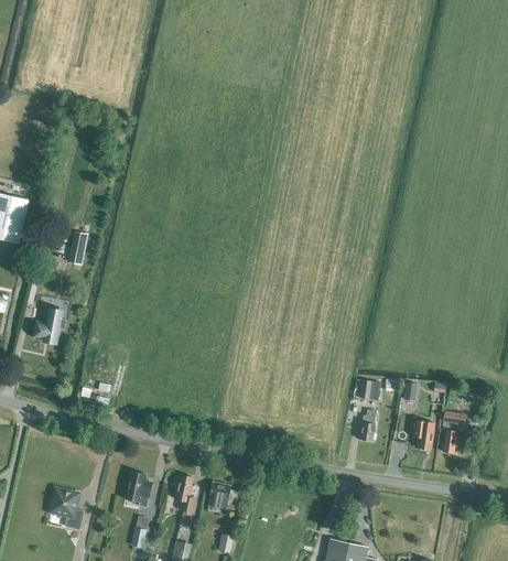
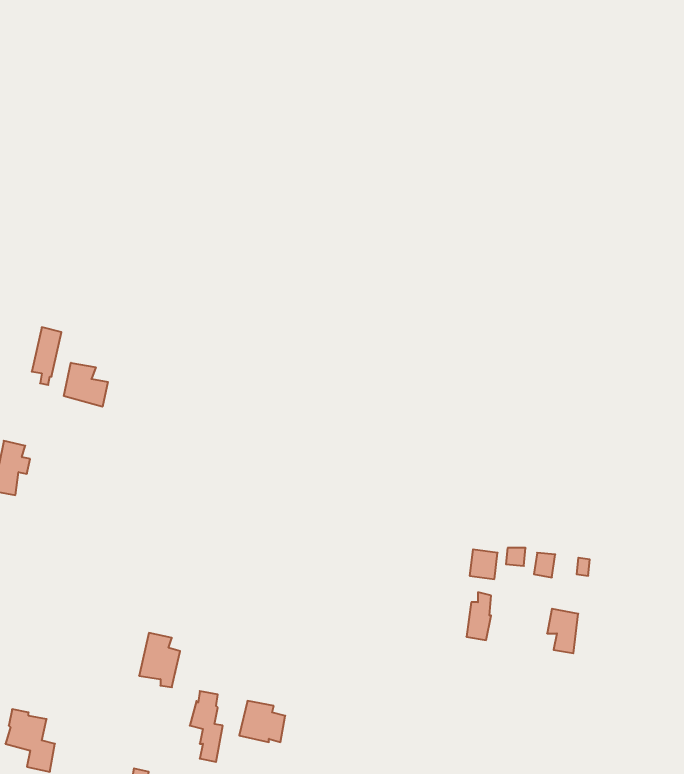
building: none -> [64,363,108,407]
building: [441,411,465,453] -> none
building: [123,471,151,507] -> [139,633,180,687]

